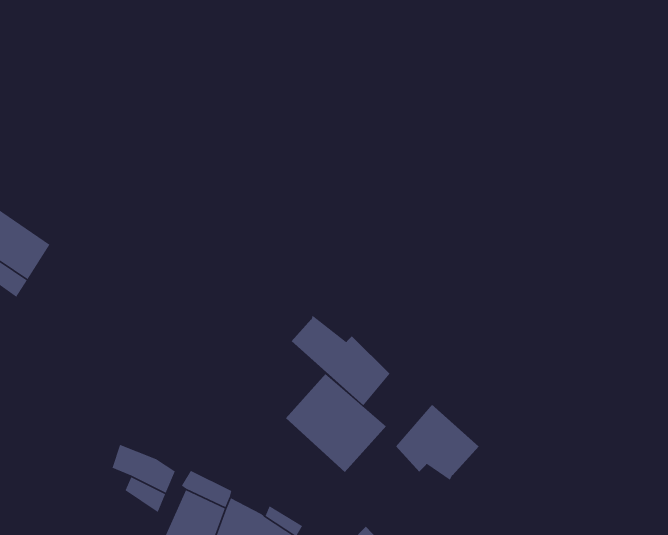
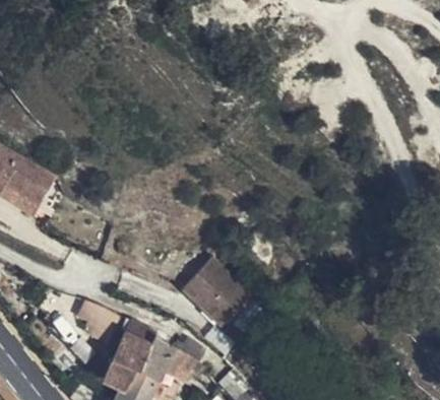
building: [291,315,390,406] -> none
building: [395,404,479,481] -> none

